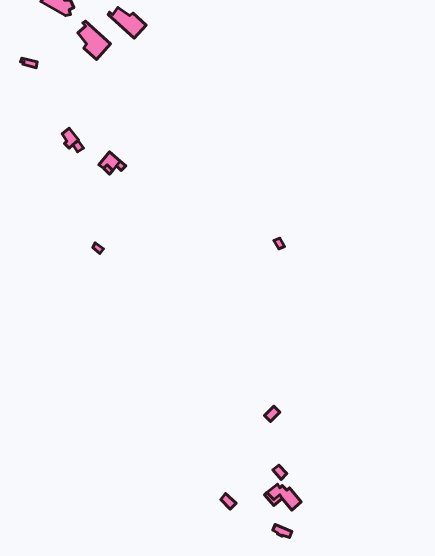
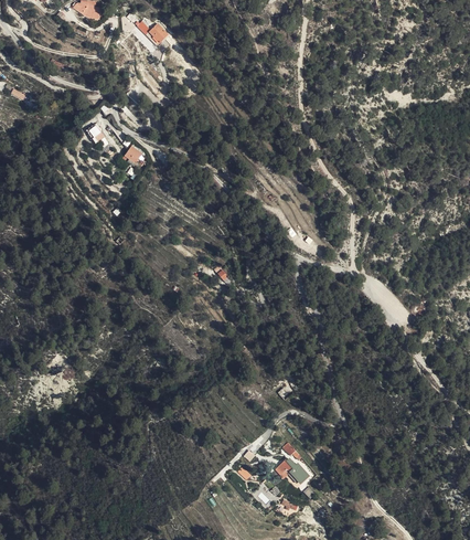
building: [78,21,111,59] -> none

